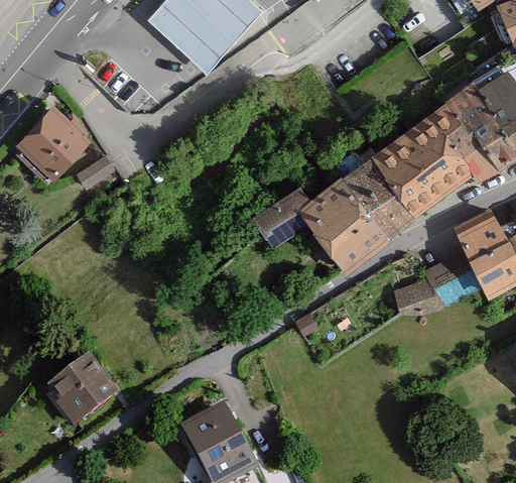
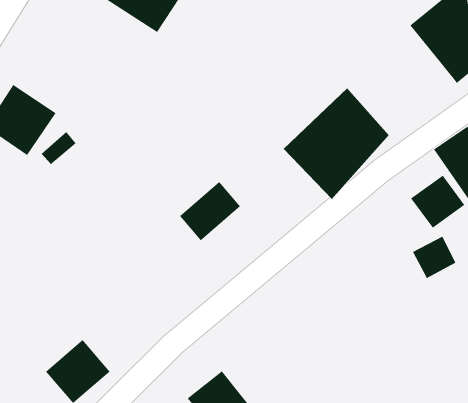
building: [383,103,488,207] -> none
building: [257,190,318,245] -> [179,181,241,241]
building: [396,279,437,319] -> [412,236,456,279]

